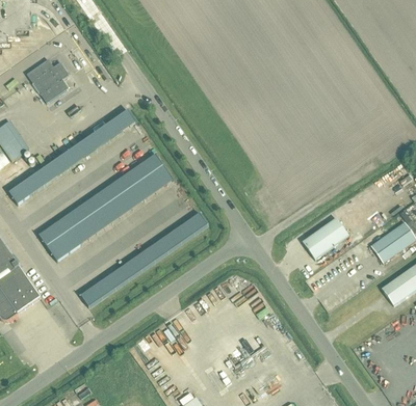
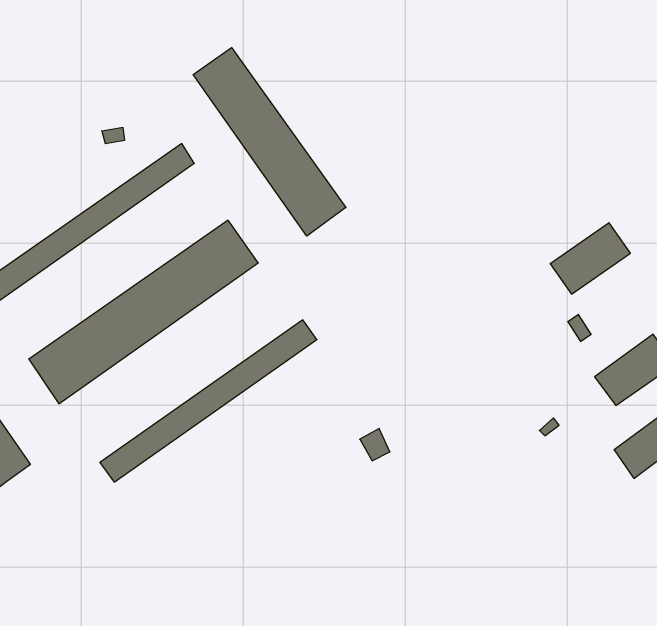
building: none -> [193,48,346,236]
building: [26,58,69,102] -> none
building: [302,217,348,259] -> [550,223,630,294]

